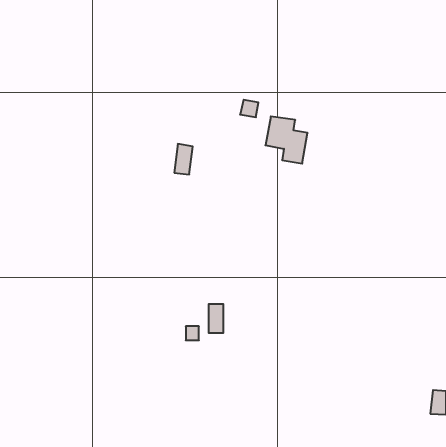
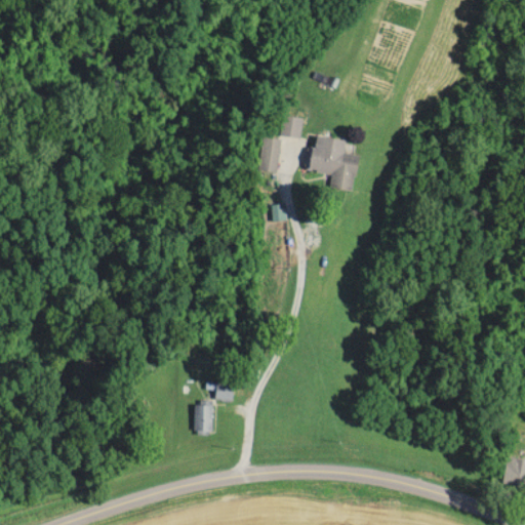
building: [174,144,193,174] -> [259,137,281,173]
building: [209,304,223,333] -> [195,400,212,434]

